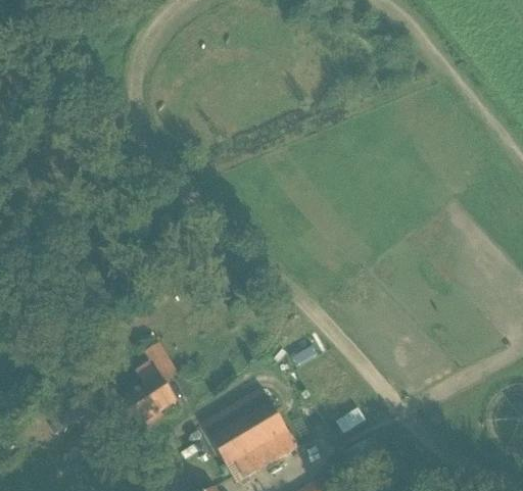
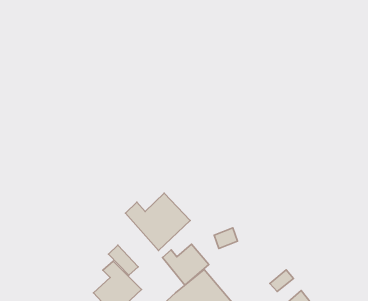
building: none -> [125,193,190,250]
building: none -> [163,244,209,285]

